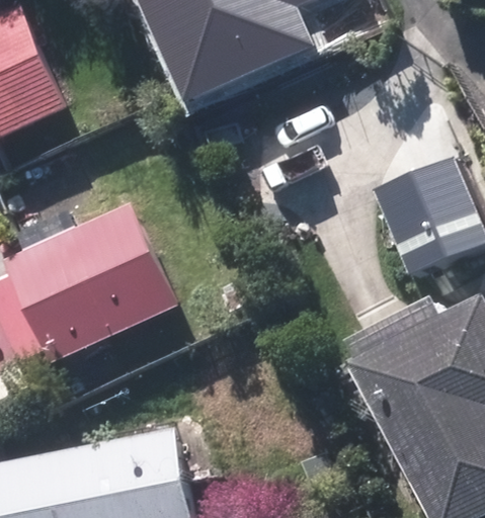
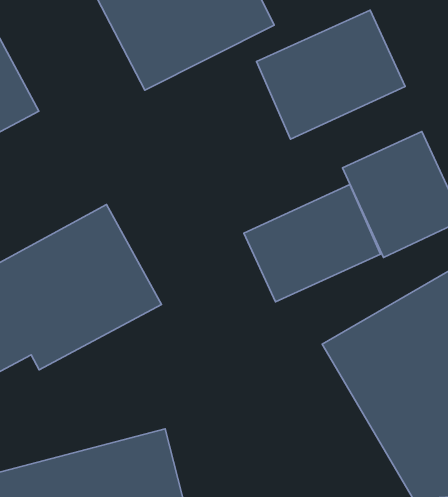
building: none -> [256,10,405,139]
building: none -> [244,185,381,302]

